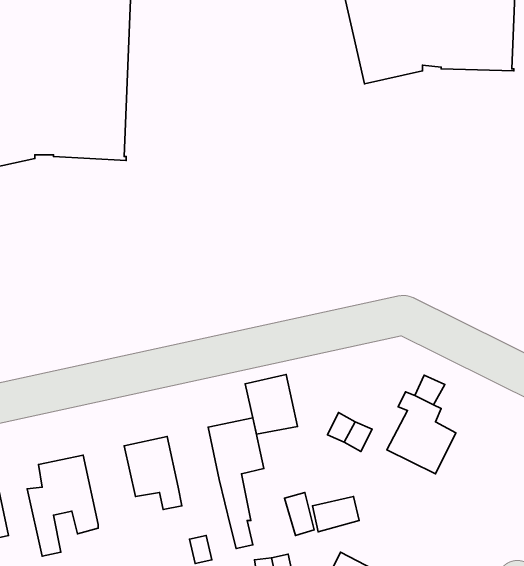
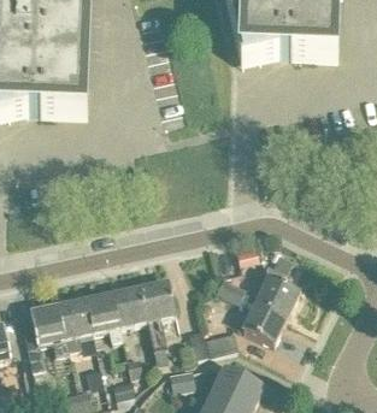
building: [245,374,297,434] -> [113,287,147,325]
building: none -> [59,299,93,349]
building: none -> [243,301,287,343]

